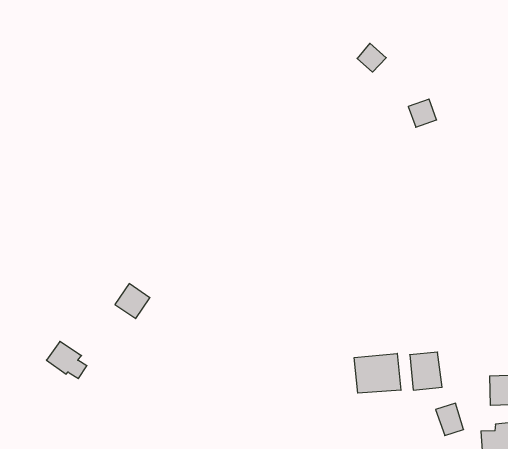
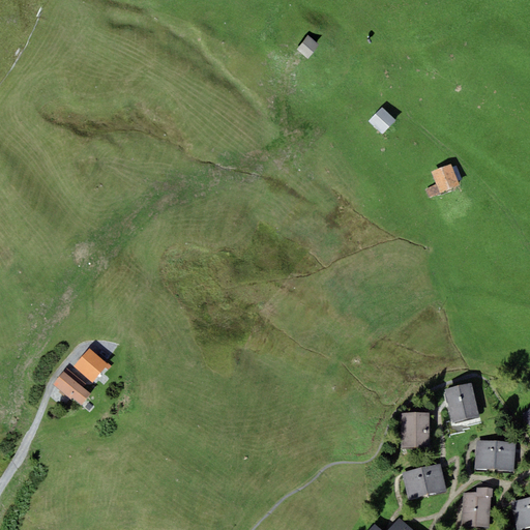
building: [115,284,150,319] -> [73,348,108,382]
building: none -> [444,382,479,421]
building: [354,353,401,393] -> none
building: none -> [403,468,428,498]

